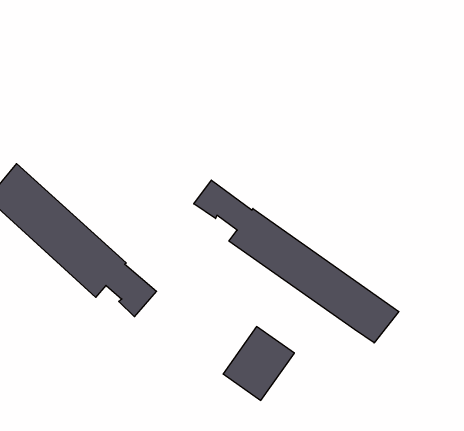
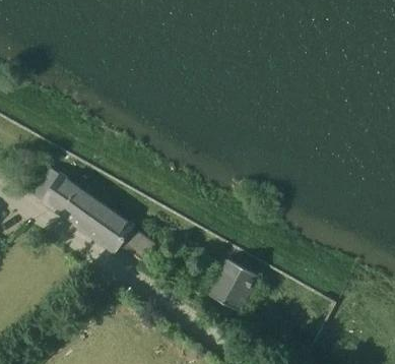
building: [194,180,399,343] -> none

